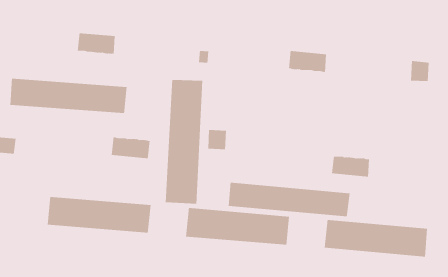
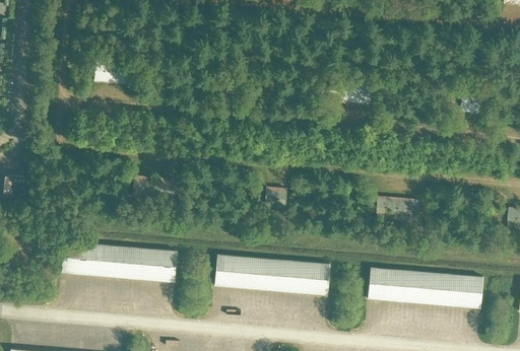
building: [10,78,127,114] -> none
building: [165,79,203,204] -> none
building: [207,130,227,150] -> [265,187,286,209]
building: [228,182,350,217] -> none

